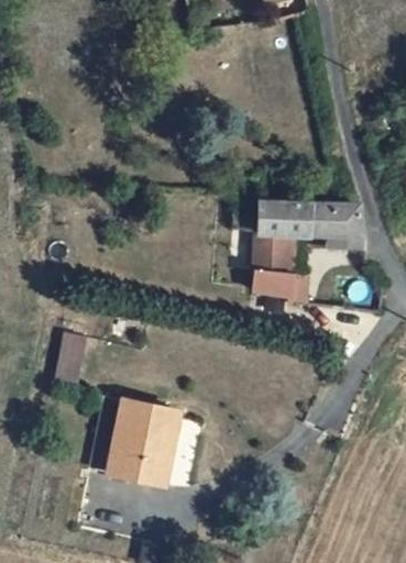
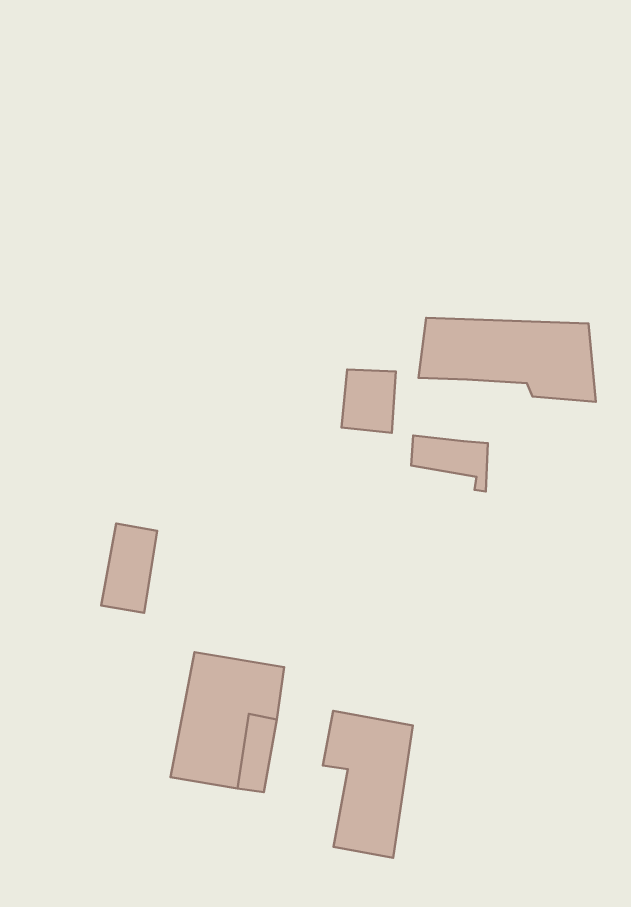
building: [251,236,283,274] -> [342,369,396,433]
building: none -> [323,711,413,858]

